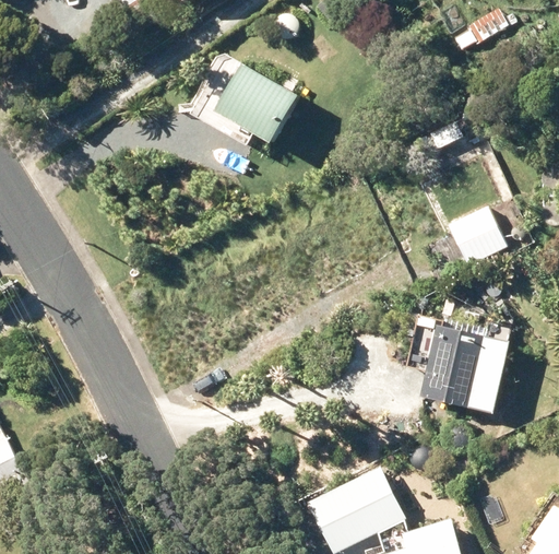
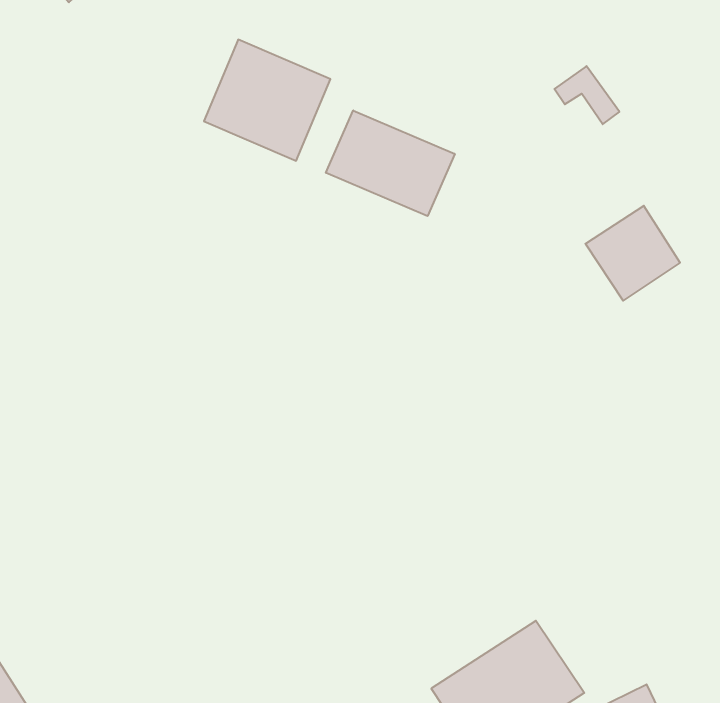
building: none -> [326,110,455,216]
building: [428,329,513,415] -> none

